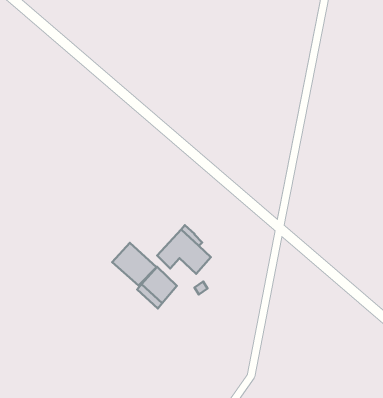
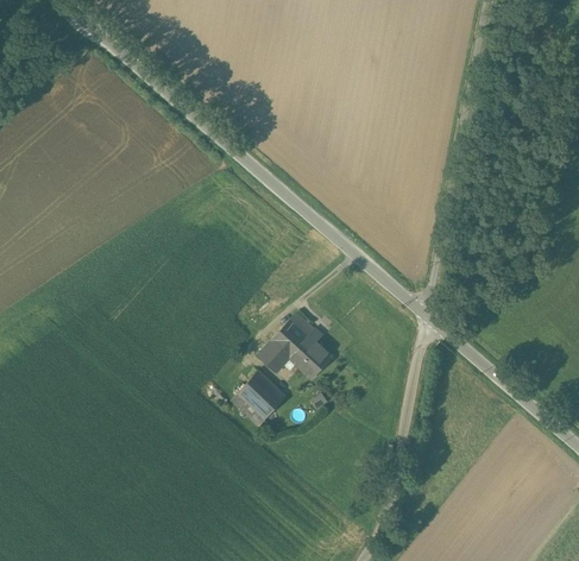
building: [112,243,157,285] -> none

